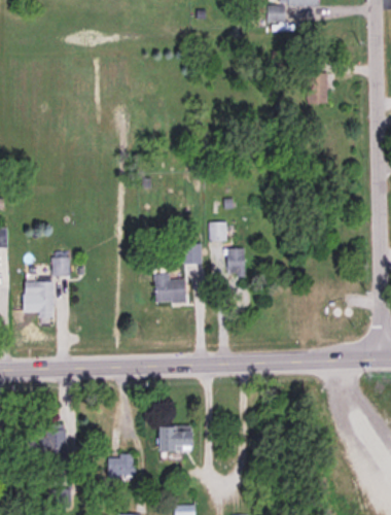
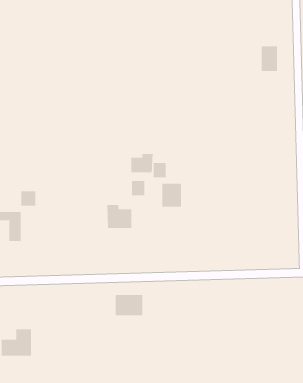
building: [307,73,327,104] -> [261,46,278,72]
building: none -> [131,153,153,173]
building: [157,424,191,450] -> [115,294,143,316]
building: [107,454,135,475] -> none

